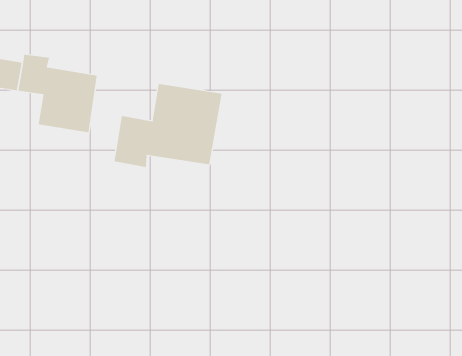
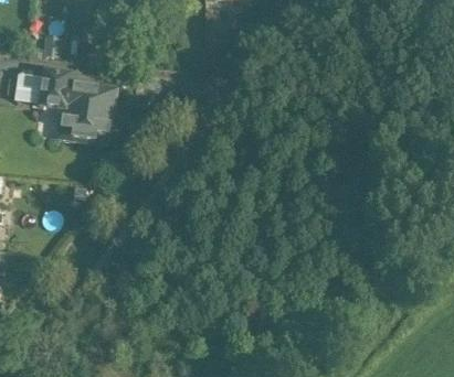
building: [114,83,222,168] -> none

